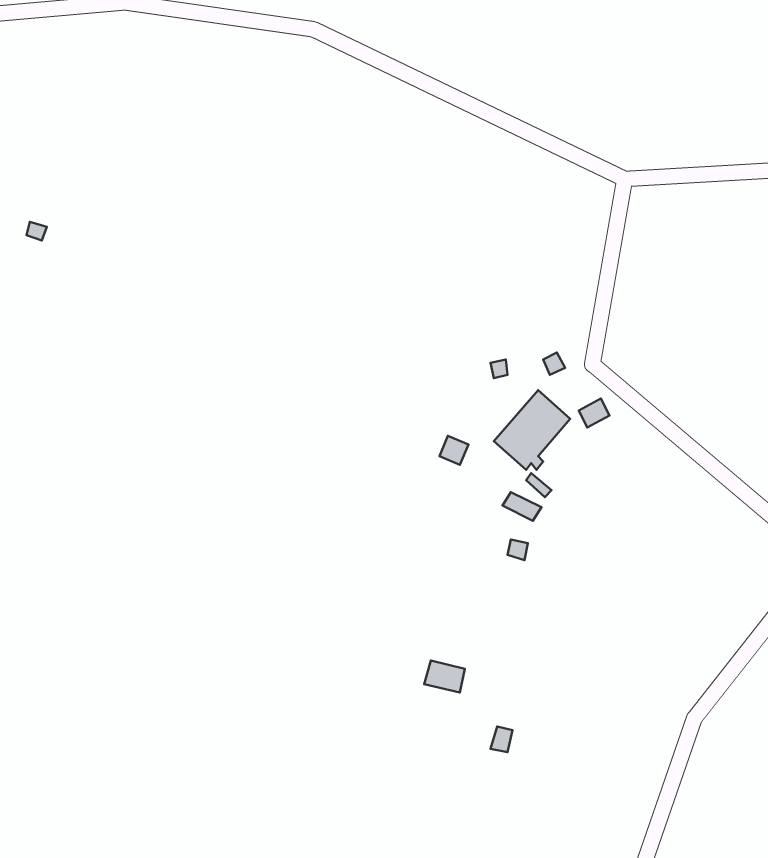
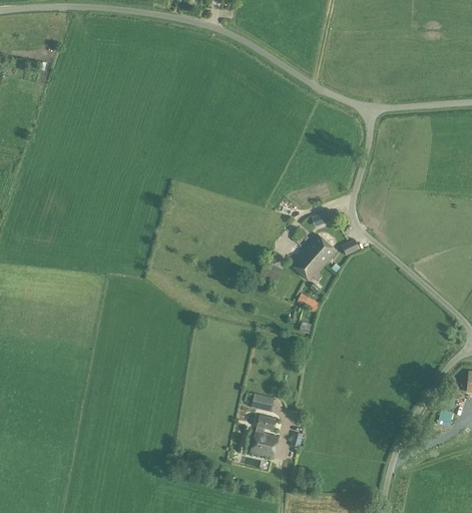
building: none -> [251,415,279,458]

